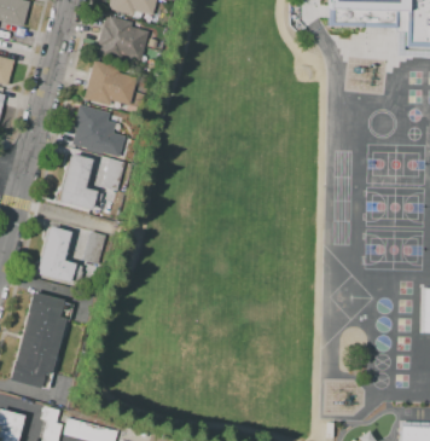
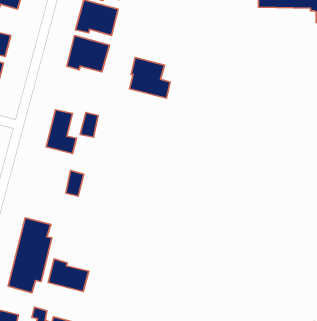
building: [74,105,126,157] -> [129,57,170,98]
building: [39,226,76,283] -> none
building: none -> [48,259,89,291]

